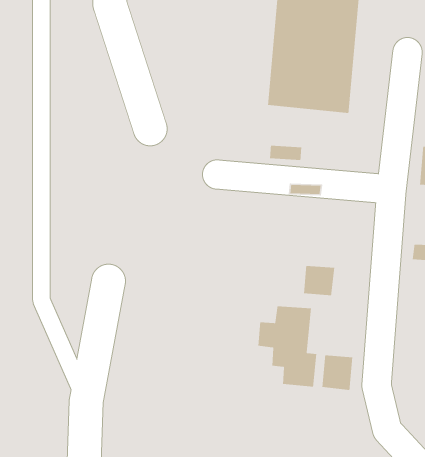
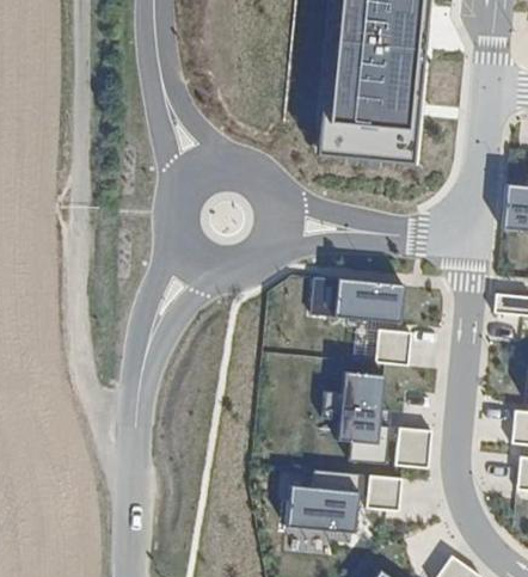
building: none -> [332,277,403,320]
building: none -> [283,467,356,529]
building: none -> [363,472,399,508]

